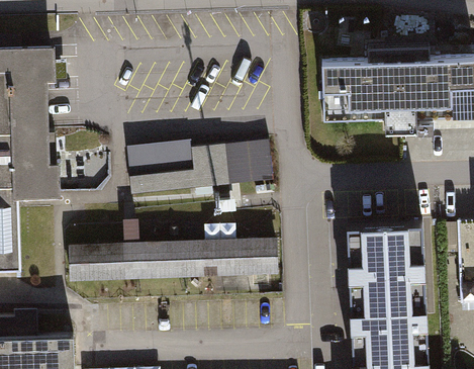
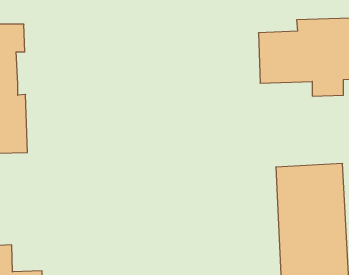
building: [123,141,271,196] -> none
building: [62,222,274,283] -> none

